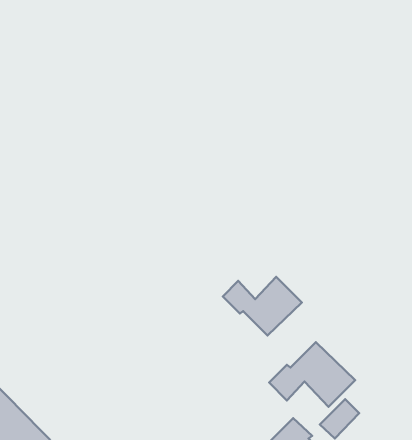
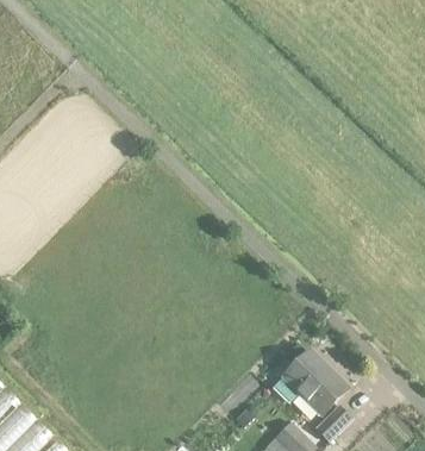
building: [223,277,302,336] -> none

